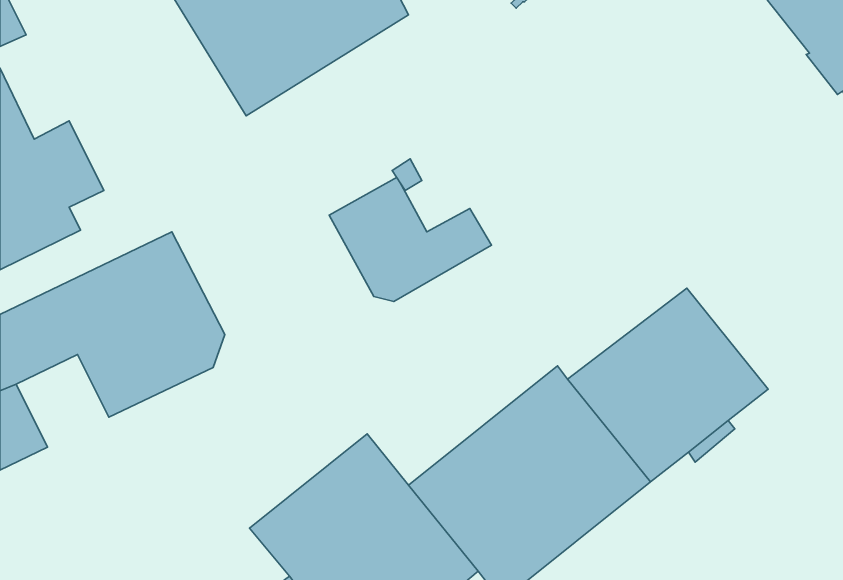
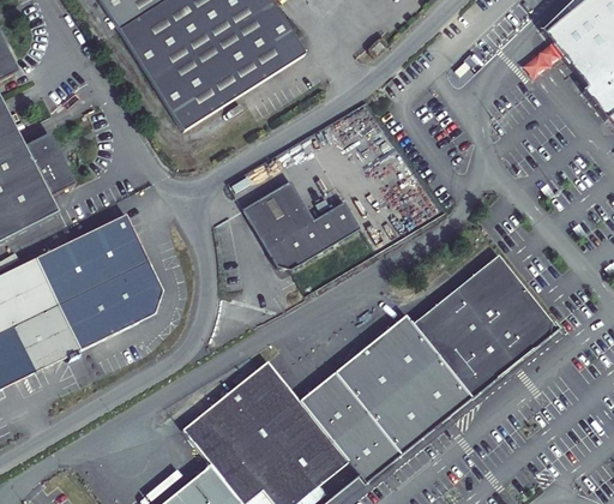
building: none -> [13,304,80,371]

